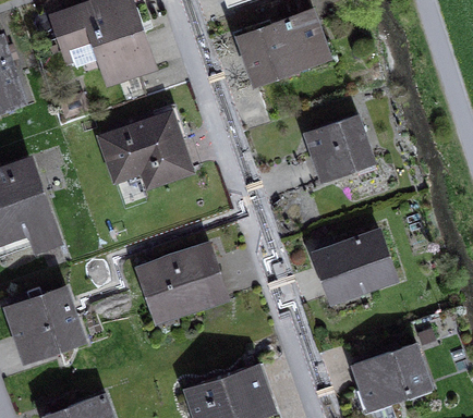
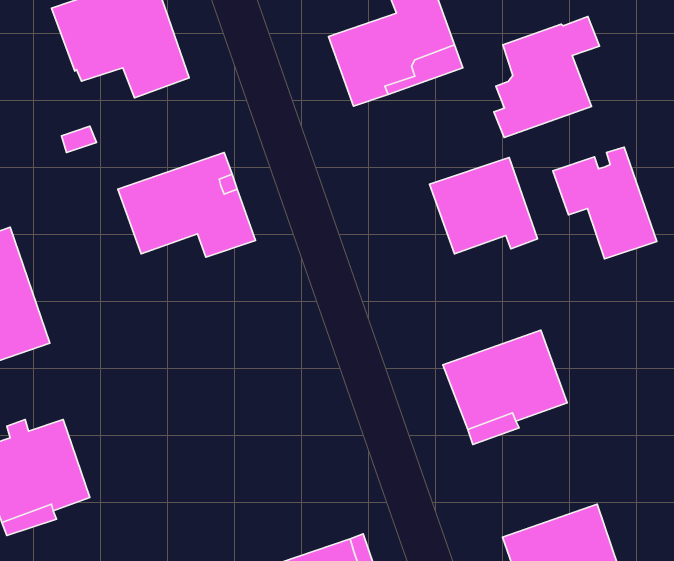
building: none -> [494,17,600,138]
building: none -> [553,147,657,259]
building: [136,248,228,317] -> none

